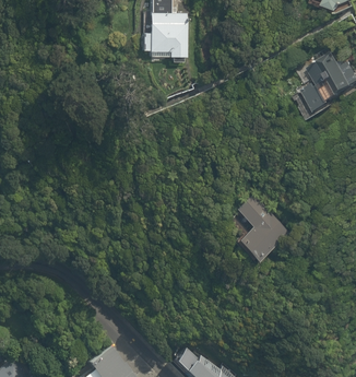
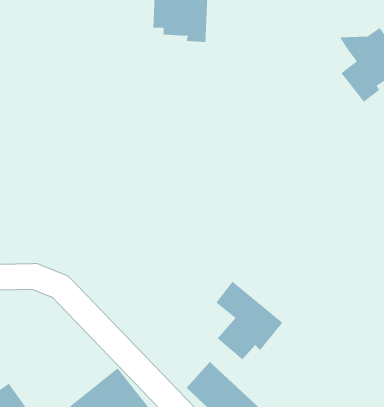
building: [234,195,292,262] -> [215,281,283,360]

